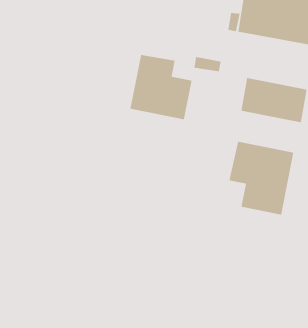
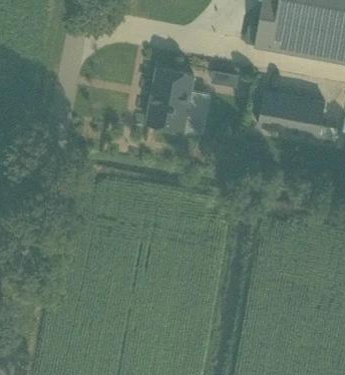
building: [229,141,294,215] -> none

